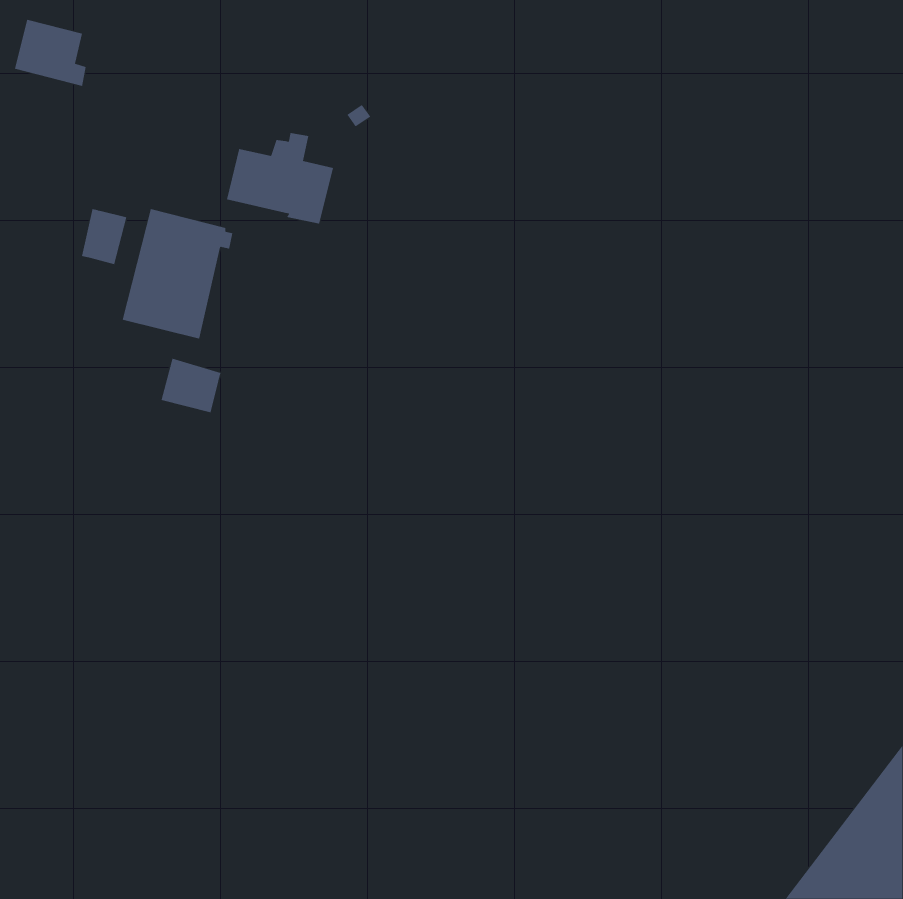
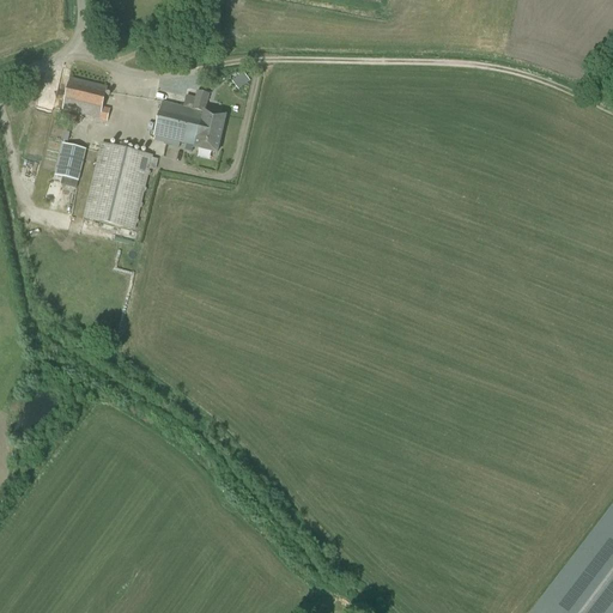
building: [14,19,86,86] -> [61,75,110,121]
building: [161,358,221,413] -> none

